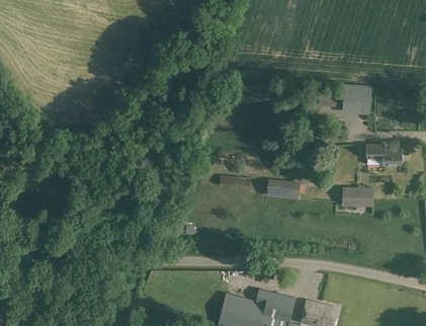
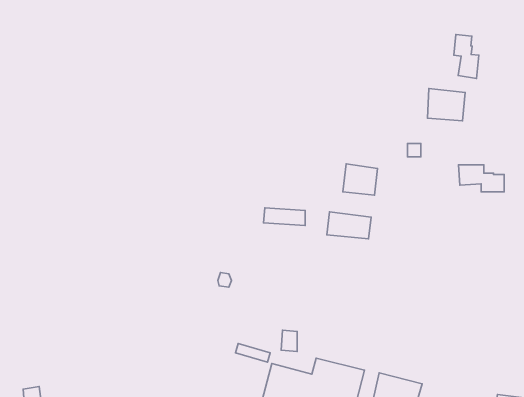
building: none -> [454,35,479,78]
building: none -> [343,164,378,195]
building: [343,186,373,207] -> none

